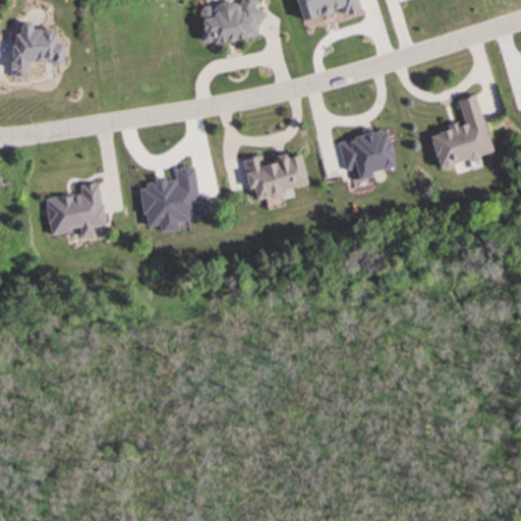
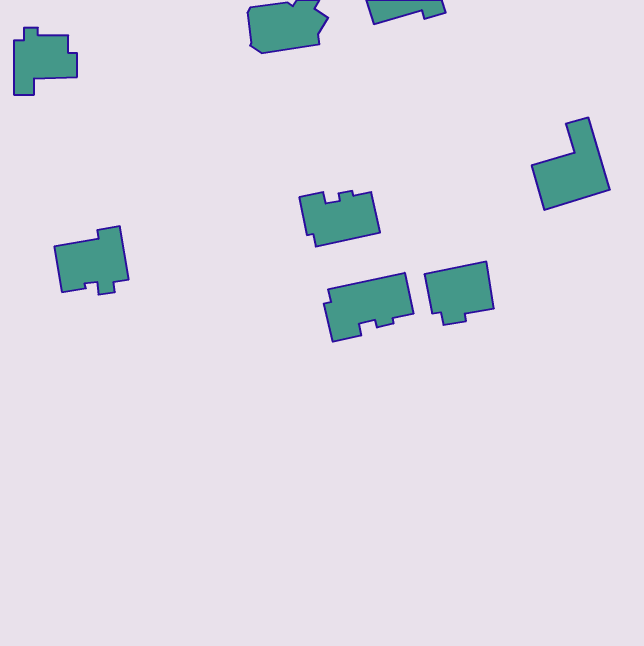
building: [338,129,394,180] -> [424,262,494,325]
building: [139,165,202,232] -> none
building: none -> [324,273,413,342]

